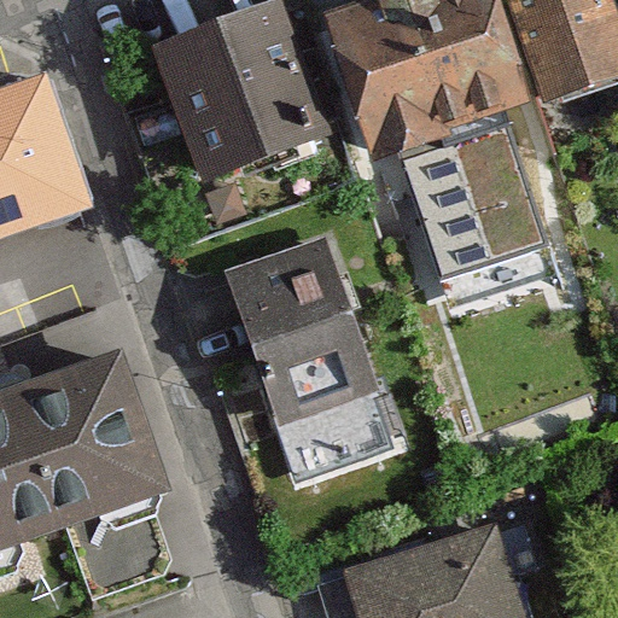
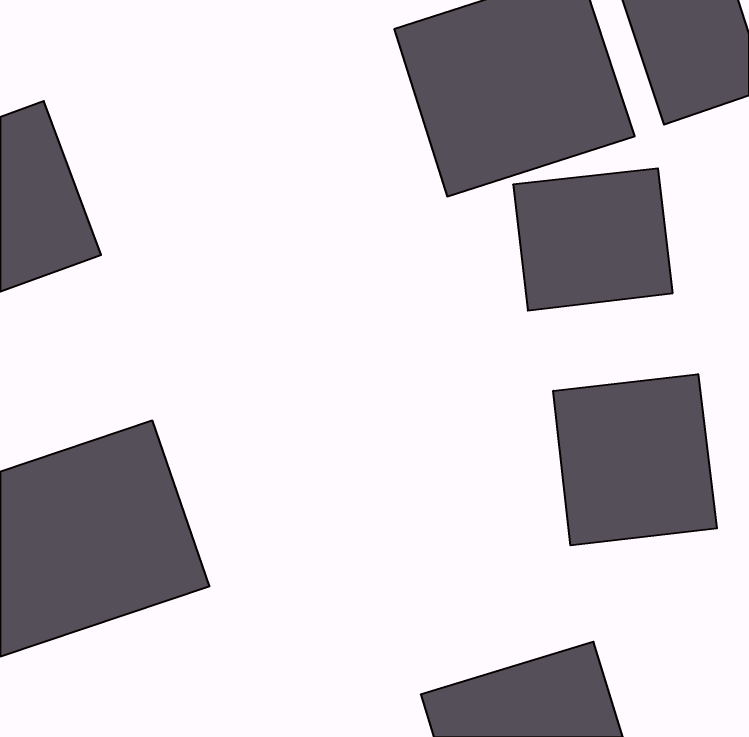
building: [156,12,322,183] -> none
building: [223,234,400,482] -> none
building: none -> [553,374,717,545]

